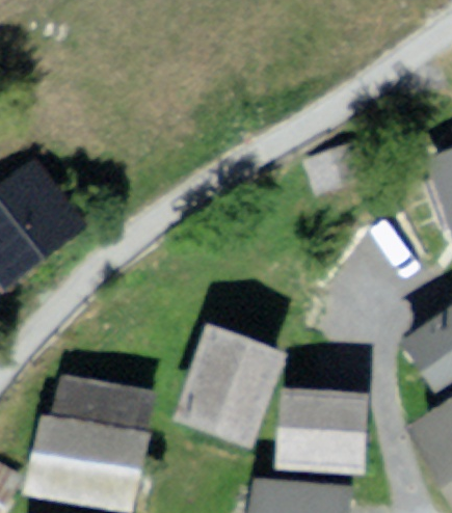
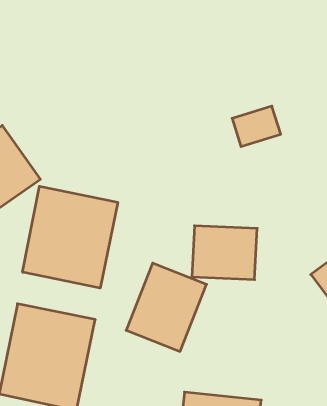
building: none -> [23,186,118,288]
building: [286,398,363,461] -> [192,226,257,280]

